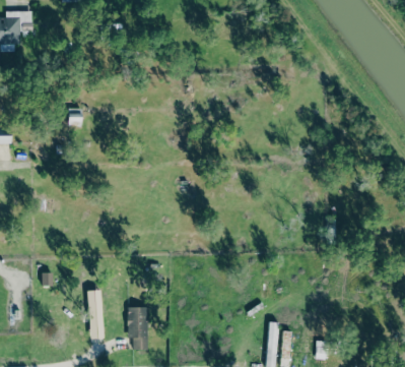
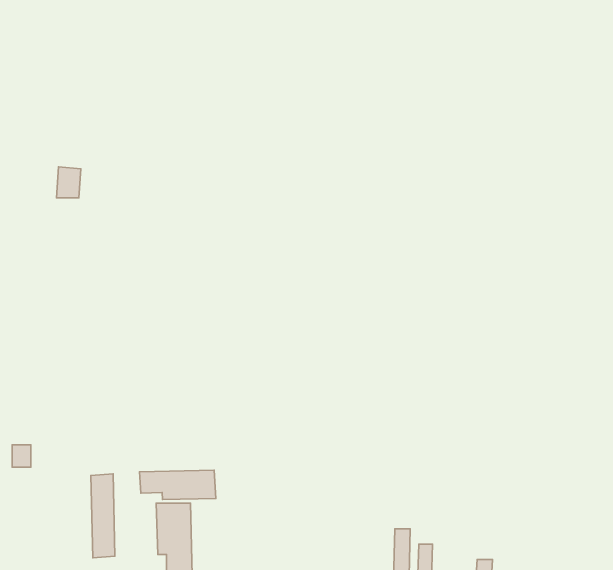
building: none -> [140,470,216,500]

